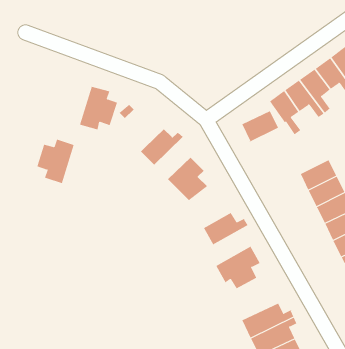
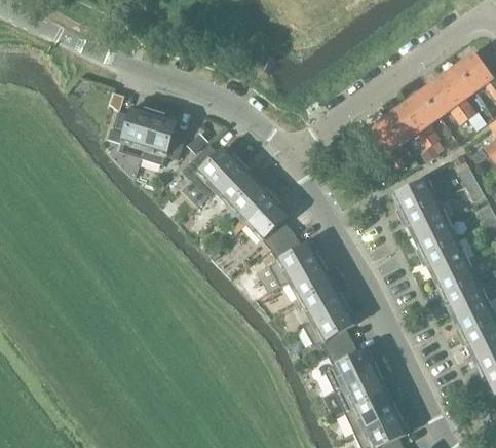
building: [242,110,279,143] -> [393,179,437,218]
building: none -> [182,144,241,196]
building: none -> [230,173,273,223]
building: [37,139,74,184] -> [110,105,155,158]
building: none -> [268,231,321,286]
building: none -> [300,277,348,326]
building: none -> [323,340,378,390]

